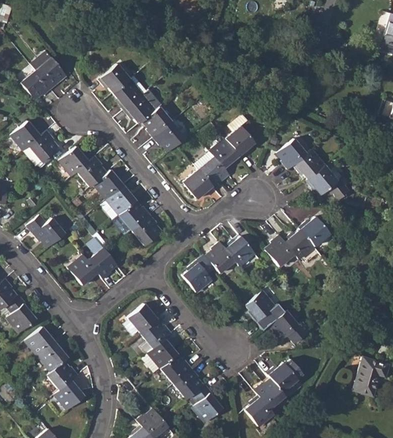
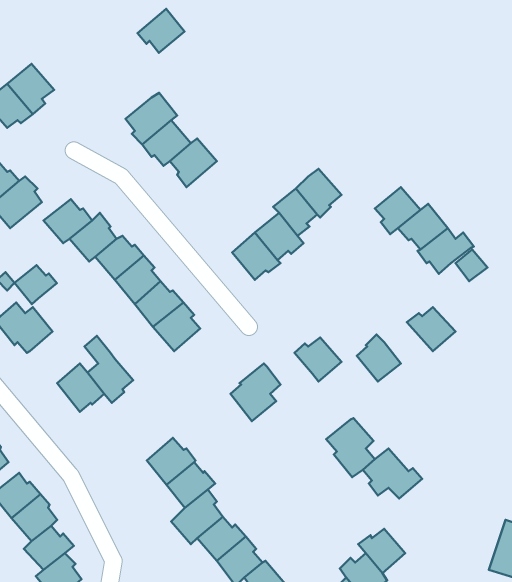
building: [99,64,130,93] -> [137,9,185,53]
building: [153,121,185,152] -> none
building: none -> [15,265,57,304]
building: [283,229,318,263] -> none
building: [206,241,236,274] -> none

